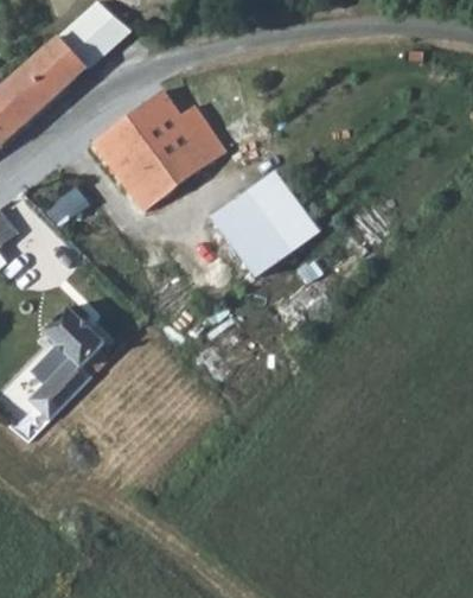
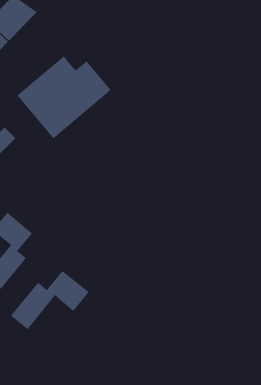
building: [211,171,318,275] -> none
building: none -> [10,270,89,330]

